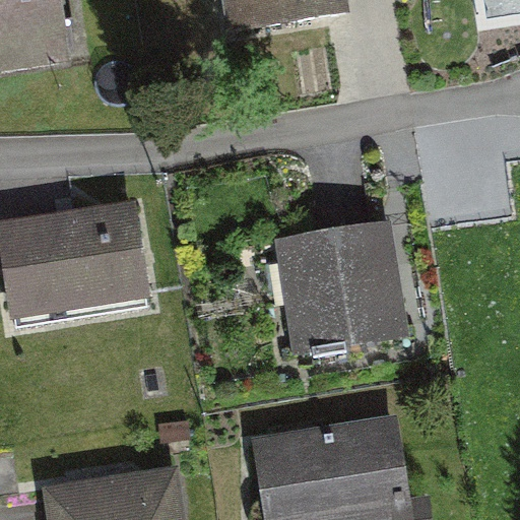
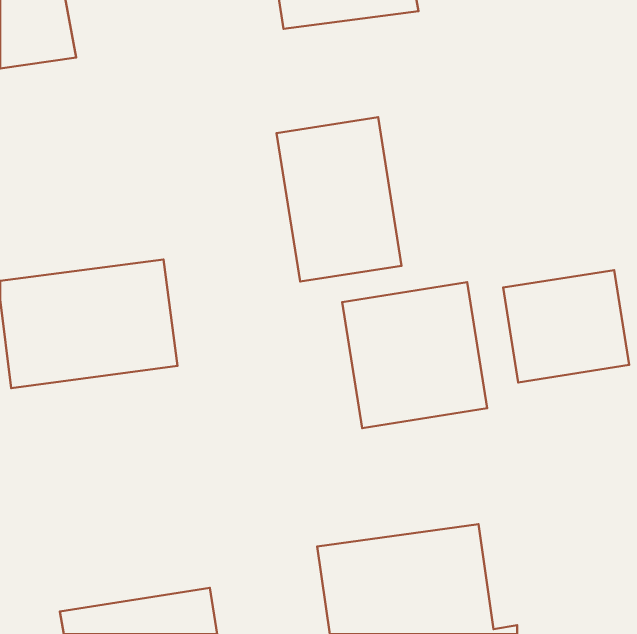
building: none -> [277,117,402,282]
building: none -> [503,270,629,382]

